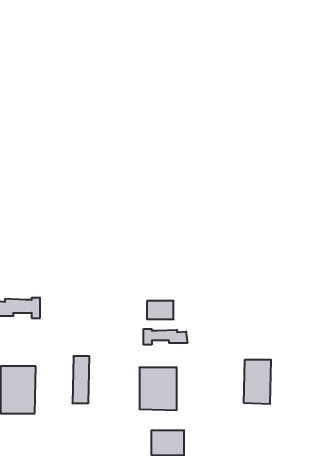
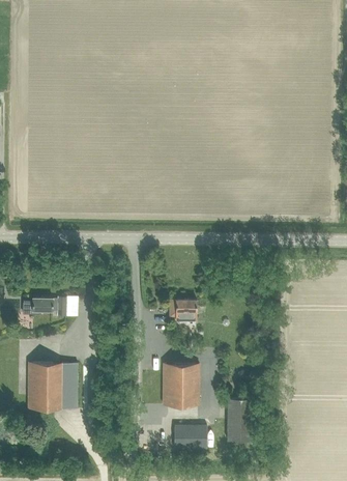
building: [144,329,187,345] -> none
building: [72,356,89,403] -> [61,363,78,408]
building: [244,360,271,404] -> [226,399,253,442]

